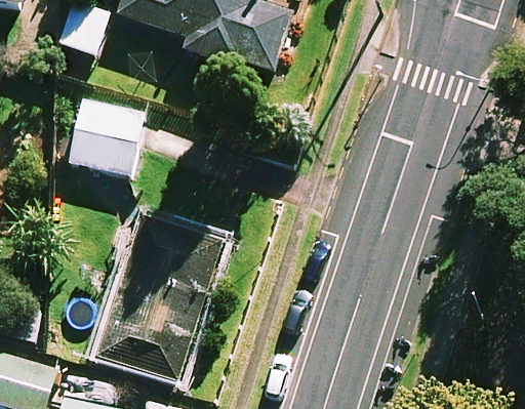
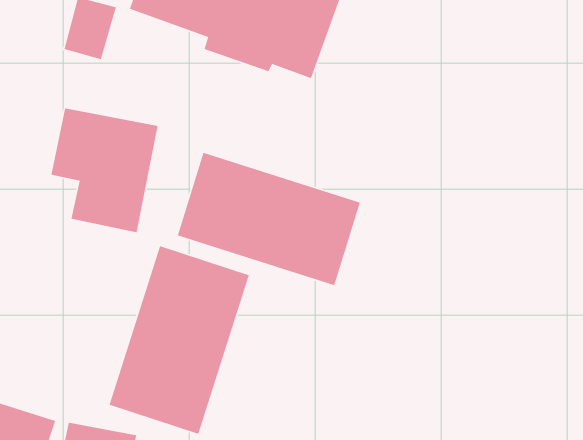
building: none -> [177,152,361,286]

